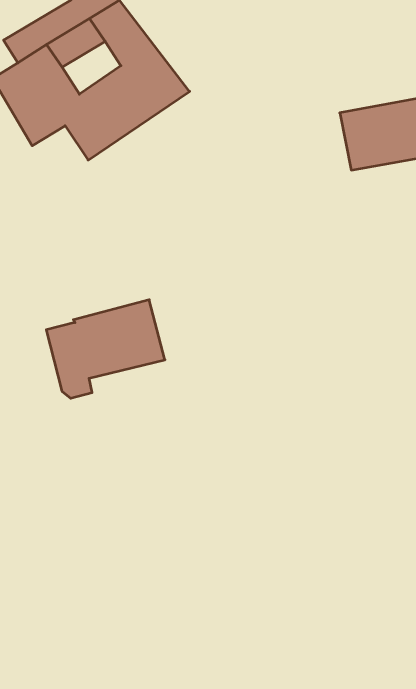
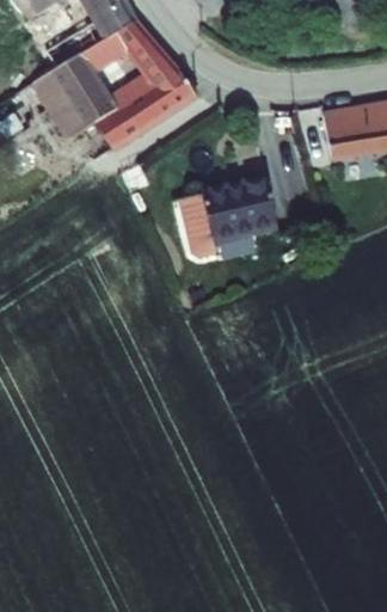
building: [46,300,165,398] -> [178,176,277,258]

